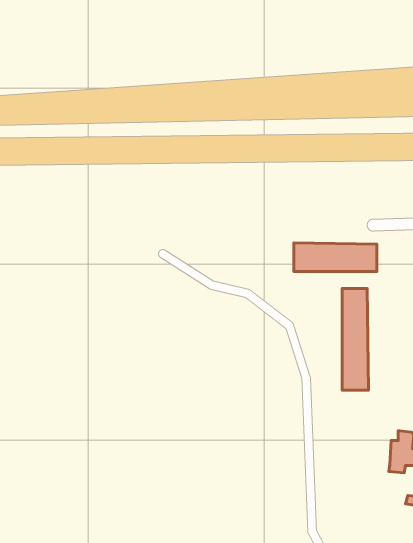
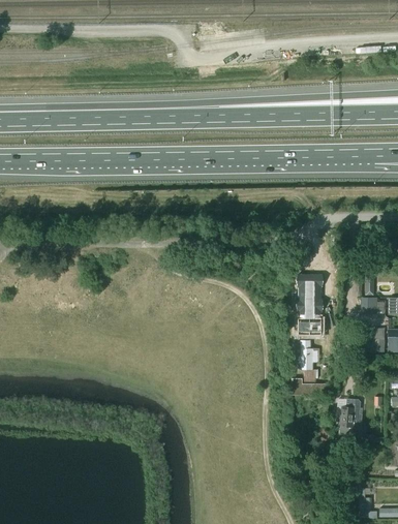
building: [294,243,377,271] -> none

